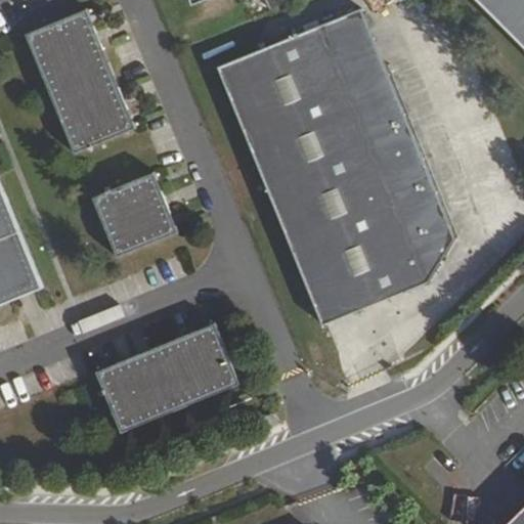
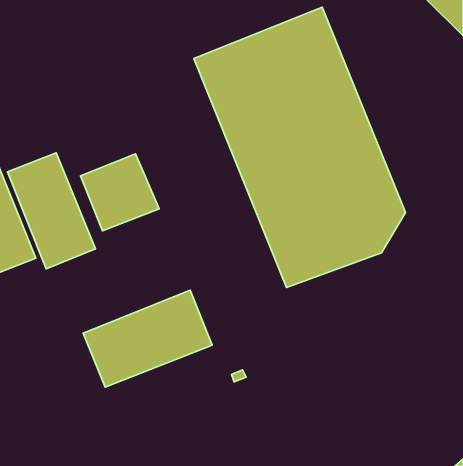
building: [24,9,134,154] -> none
building: none -> [8,153,95,269]

